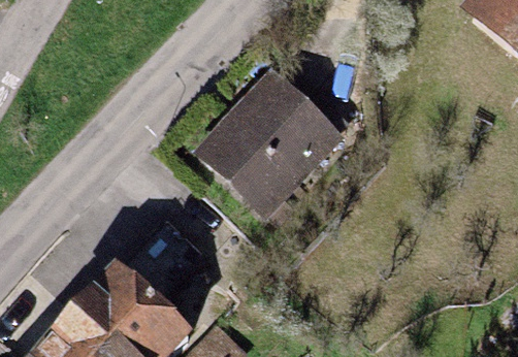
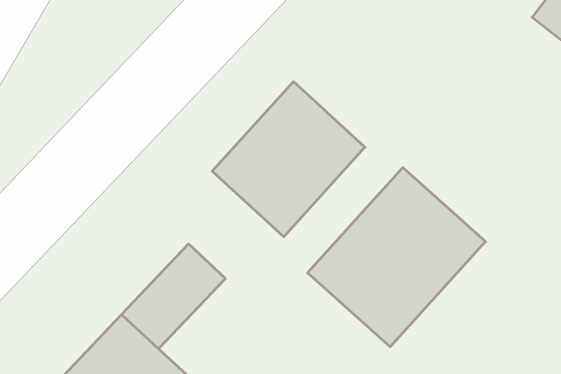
building: none -> [308,168,486,347]

